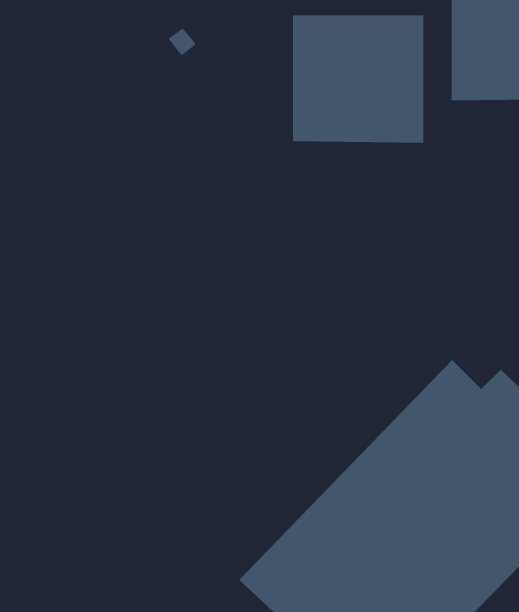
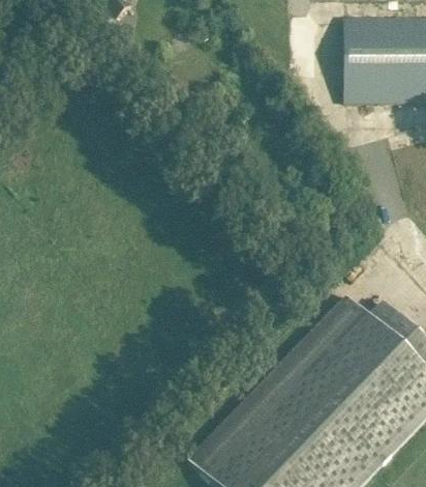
building: [292,14,424,143] -> none

